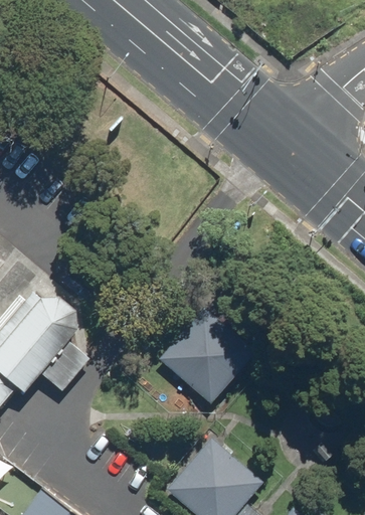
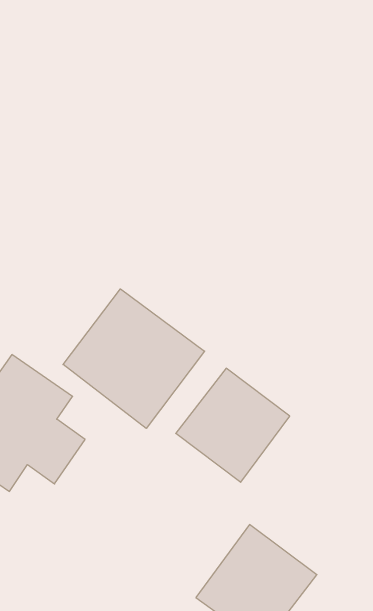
building: none -> [63,289,205,428]

